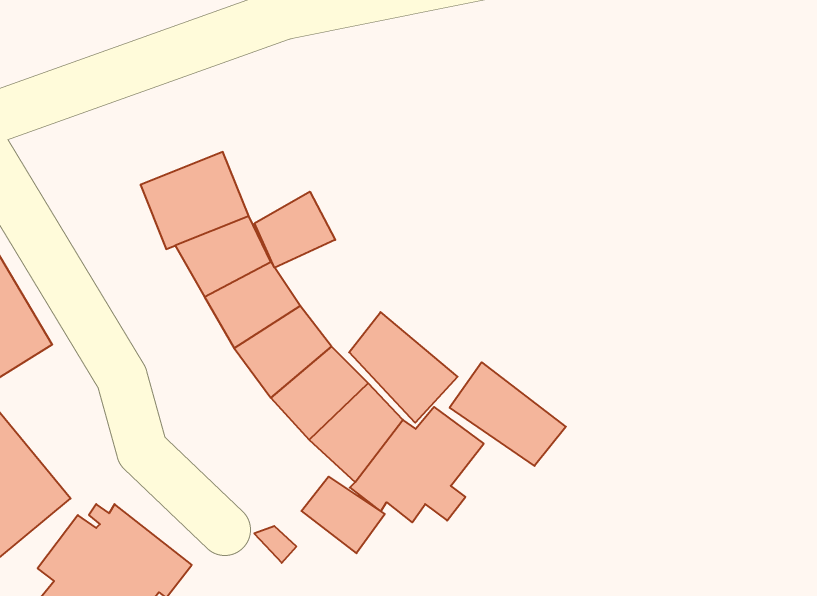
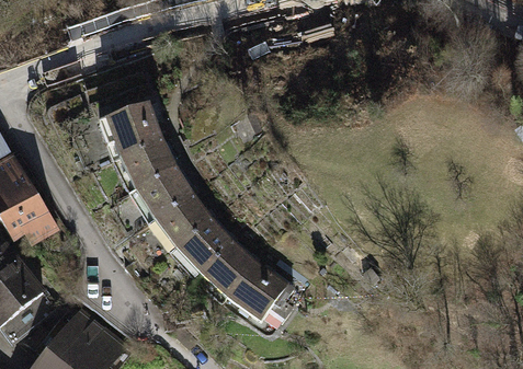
building: [255,192,335,268] -> none
building: [349,312,458,423] -> none
building: [450,362,566,466] -> none
building: [301,477,385,553] -> none

